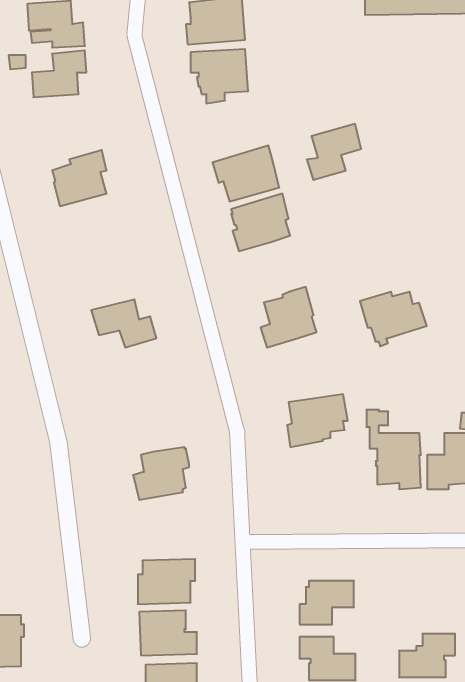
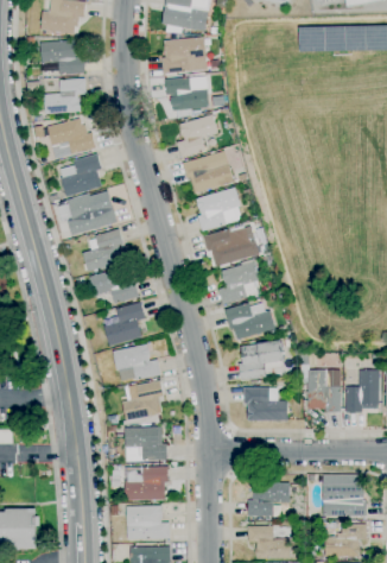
building: none -> [33,118,95,158]
building: [307,124,361,180] -> [176,114,217,157]
building: none -> [57,190,116,234]
building: none -> [203,227,254,266]
building: none -> [82,228,123,271]
building: [360,292,427,346] -> [224,302,275,343]
building: none -> [103,302,145,346]
building: none -> [112,343,160,380]
building: none -> [243,387,287,420]
building: none -> [125,426,167,461]
building: none -> [323,474,367,515]

